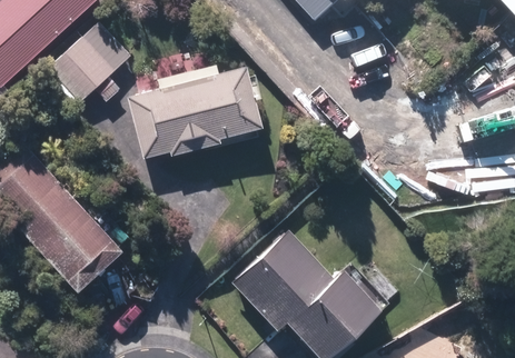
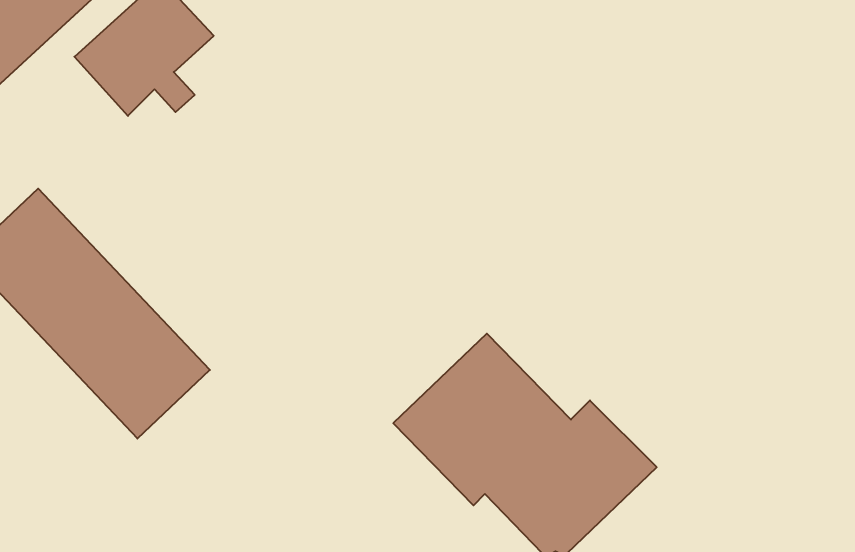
building: [130,67,264,157] -> none

